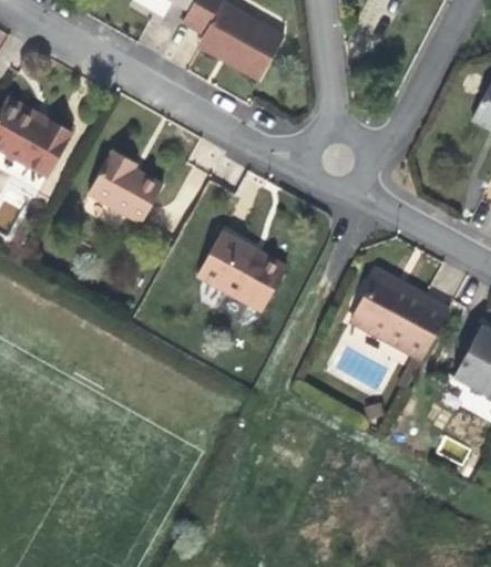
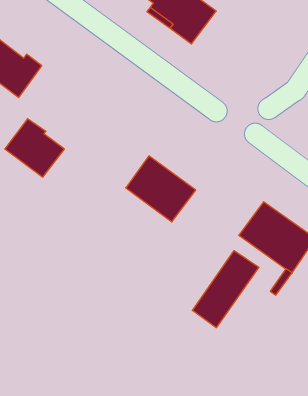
building: [88,151,164,223] -> [5,119,64,177]
building: none -> [192,251,259,328]

